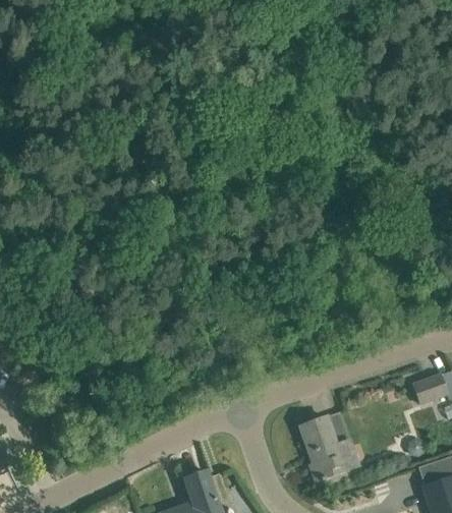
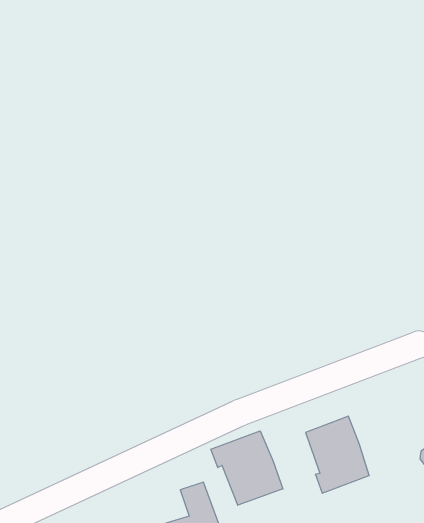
building: none -> [211,431,283,505]

